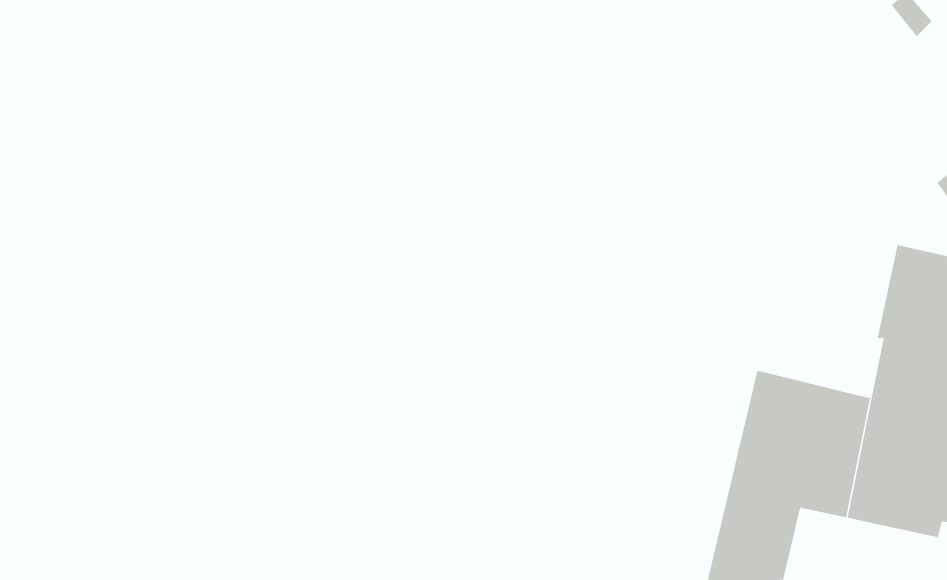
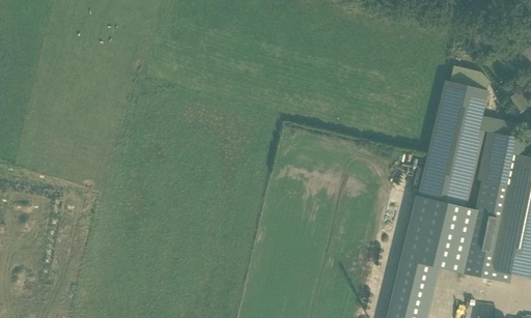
building: none -> [418,80,488,207]

